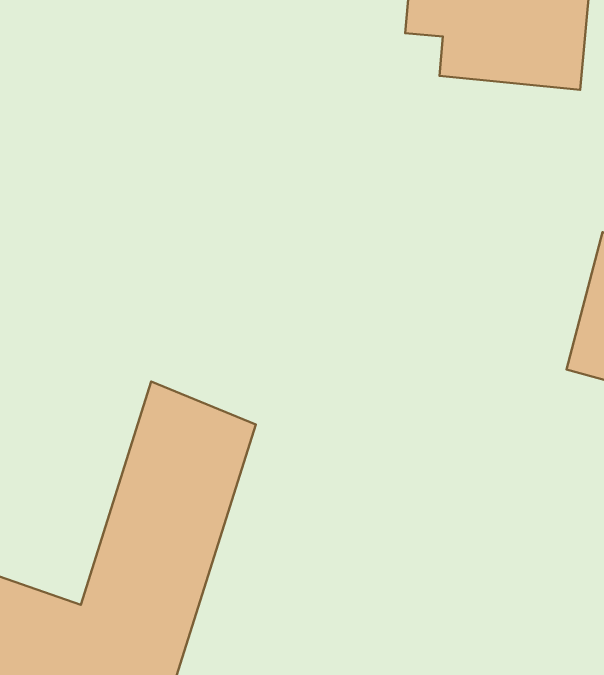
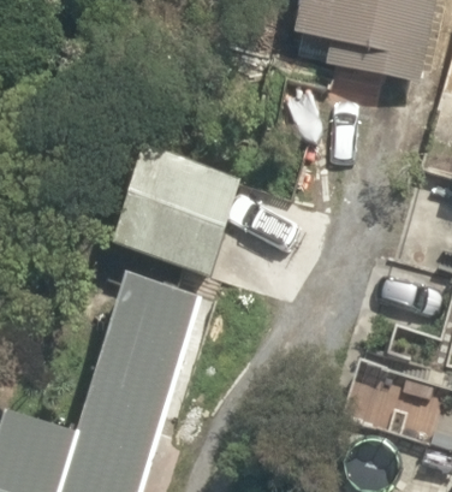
building: none -> [106,147,239,277]

